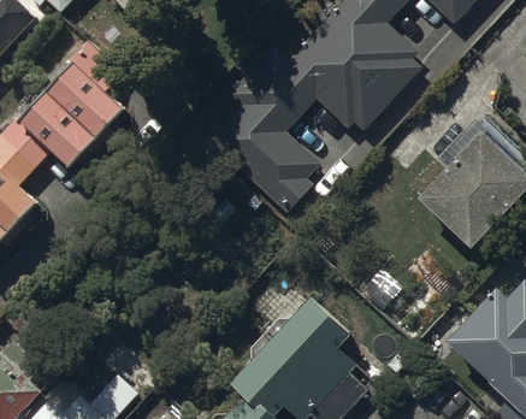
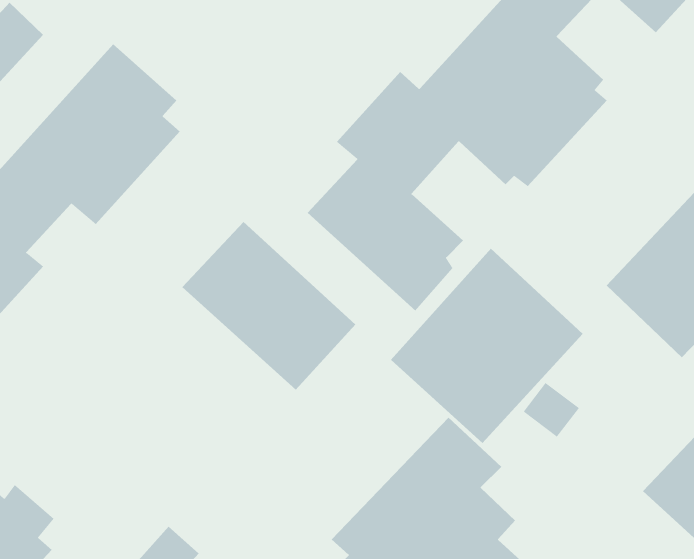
building: none -> [182,221,356,391]
building: none -> [390,248,584,444]

